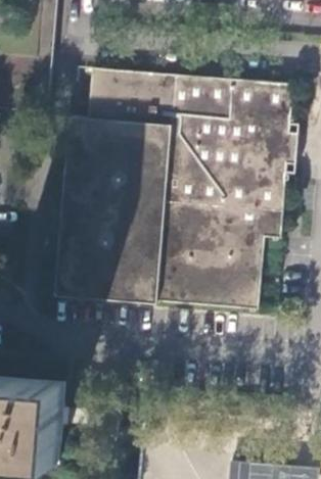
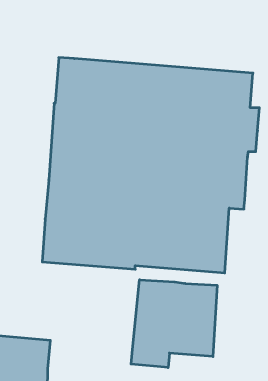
building: none -> [131,280,217,368]

